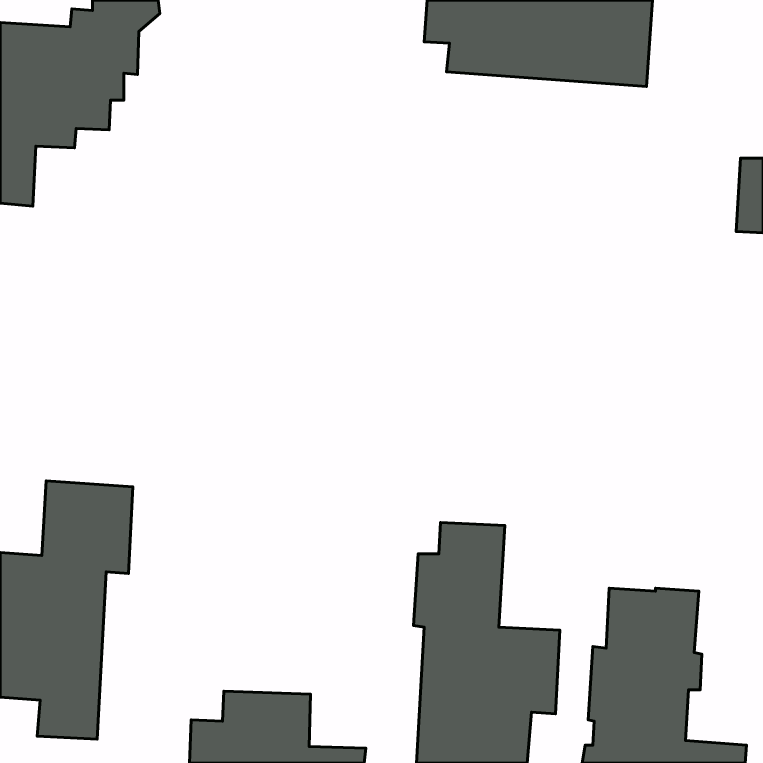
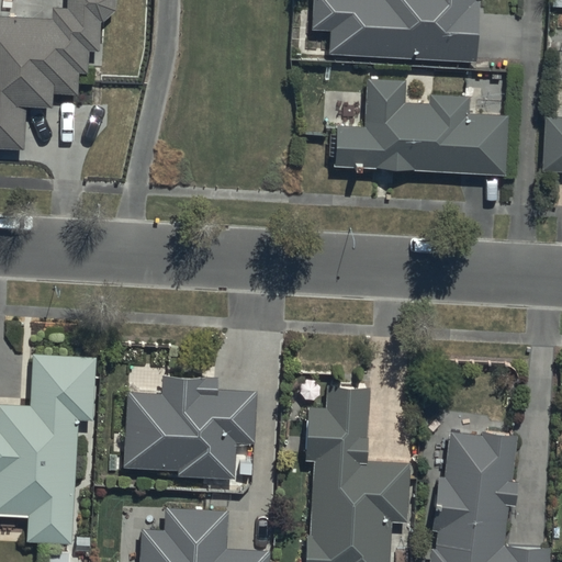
building: none -> [335,77,509,175]
building: none -> [125,375,256,477]

